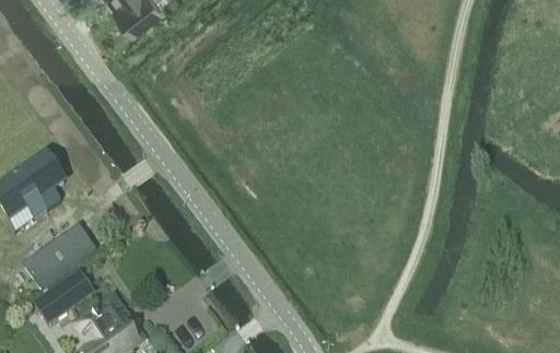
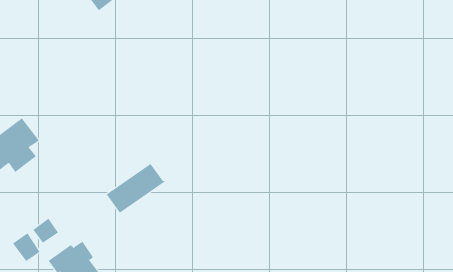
building: [23,230,94,290] -> [106,163,165,214]

